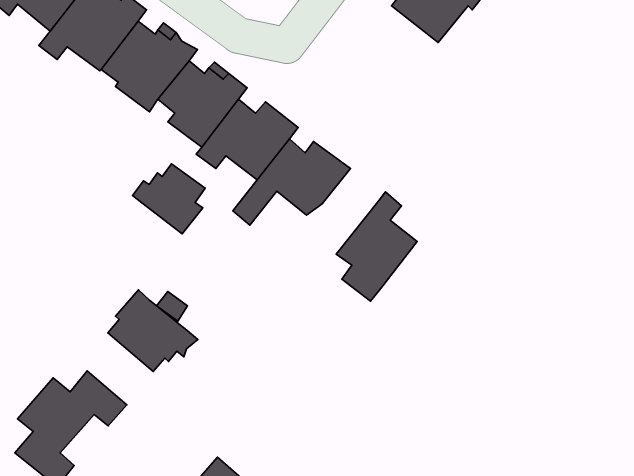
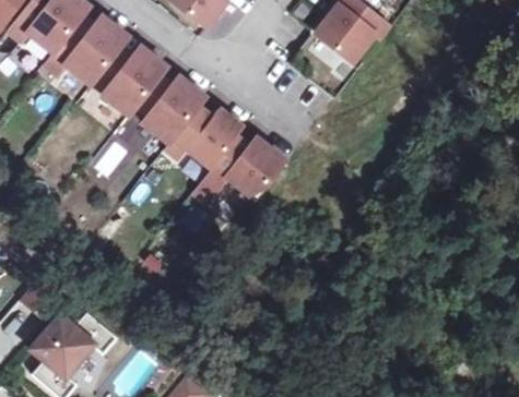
building: [132,164,205,234] -> none
building: [336,192,417,301] -> none
building: [108,290,198,371] -> none

